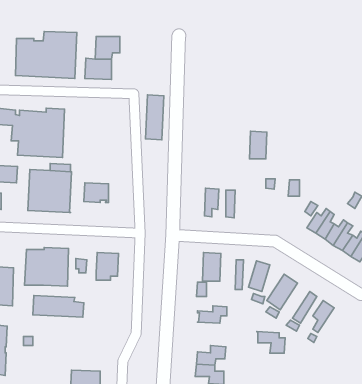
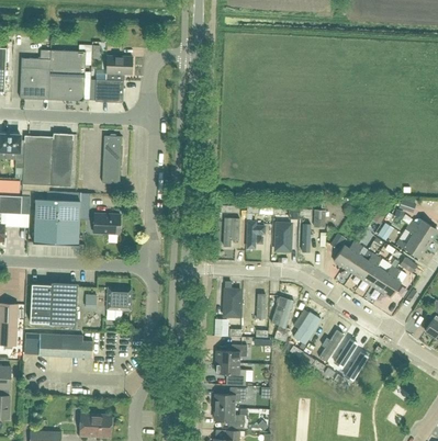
building: [145,95,164,140] -> [102,135,122,183]
building: [250,131,267,159] -> [273,223,292,252]
building: [257,332,285,353] -> [215,362,246,385]

